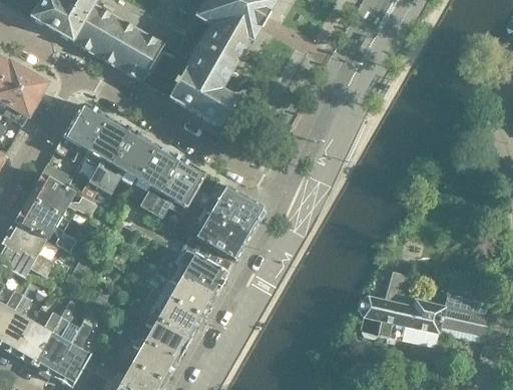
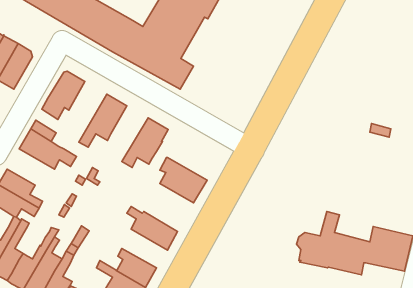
building: [83,115,132,187] -> none
building: [133,144,181,211] -> none
building: [191,179,264,233] -> none
building: [14,196,76,252] -> none
building: [163,234,230,294] -> none
building: [140,286,204,337] -> none

